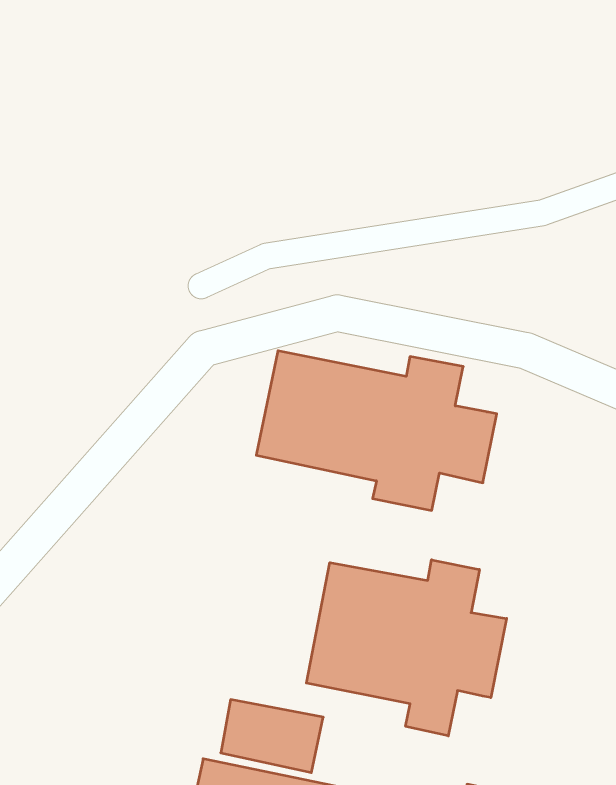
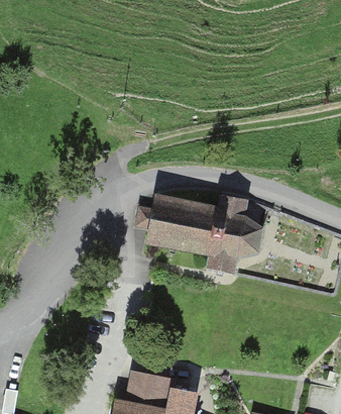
building: [306,560,507,736] -> none

